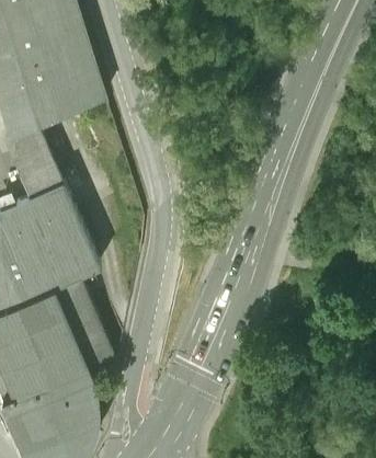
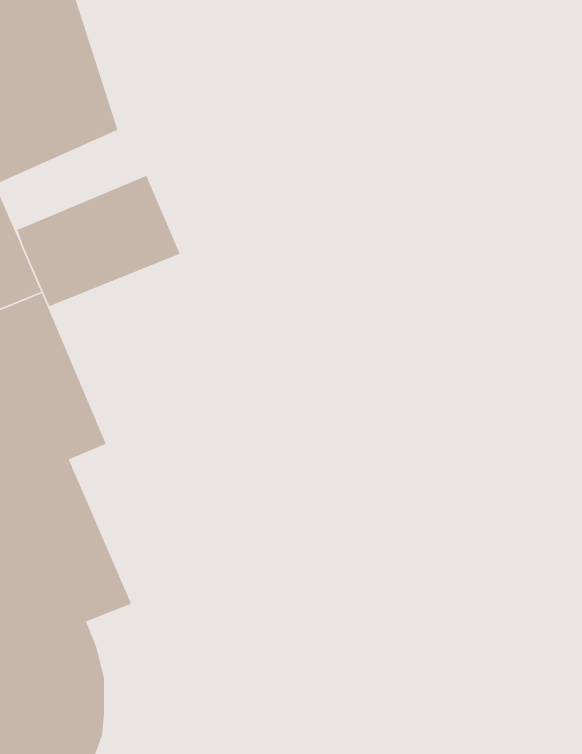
building: none -> [17,175,181,307]

